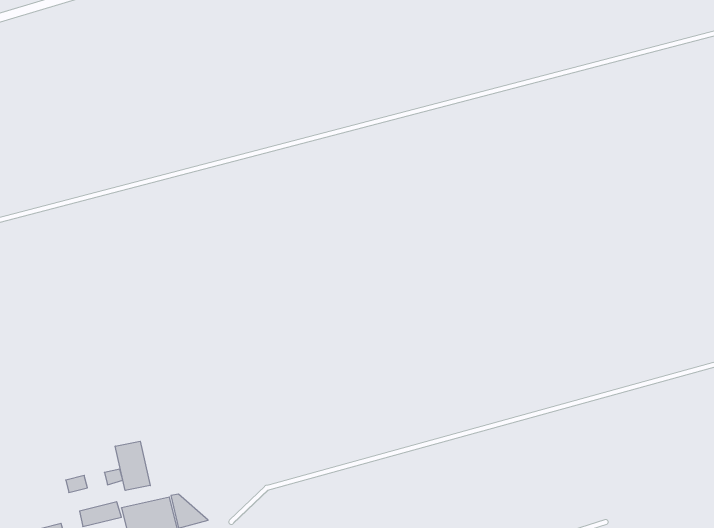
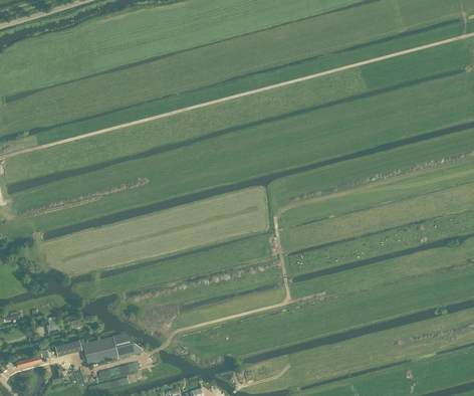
building: [115,441,150,490] -> none

